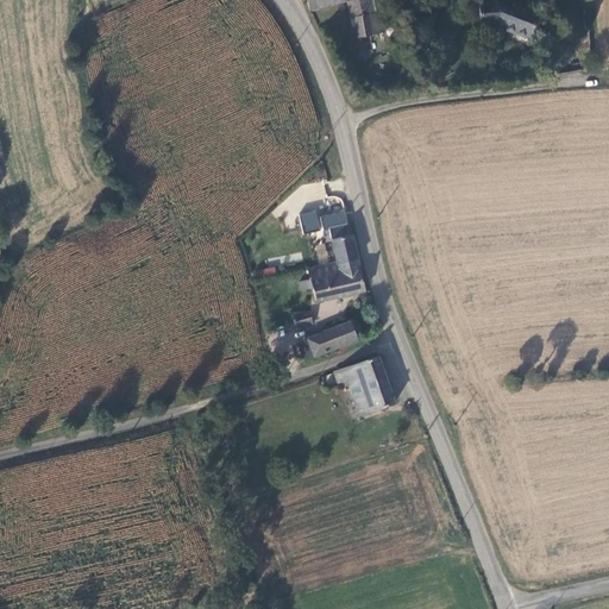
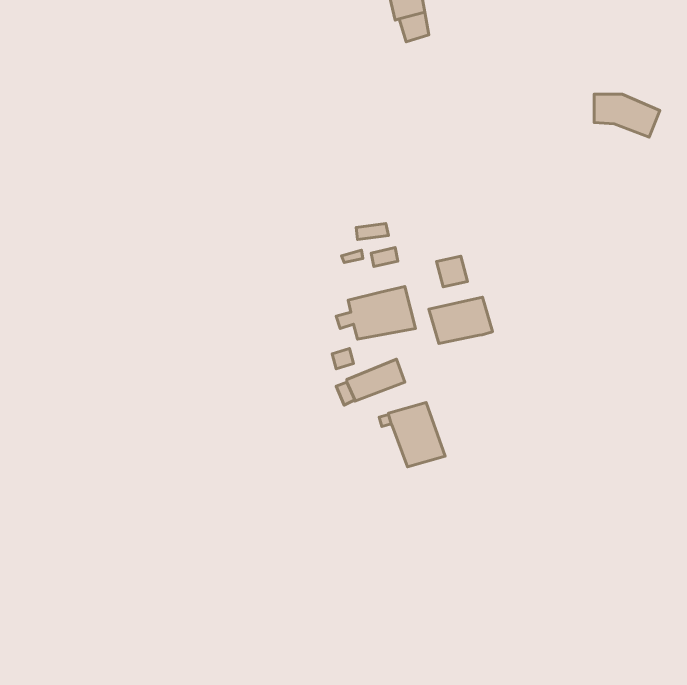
building: [477,6,535,44] -> [594,94,660,137]
building: [331,231,358,258] -> [436,256,467,287]
building: none -> [429,297,492,343]

